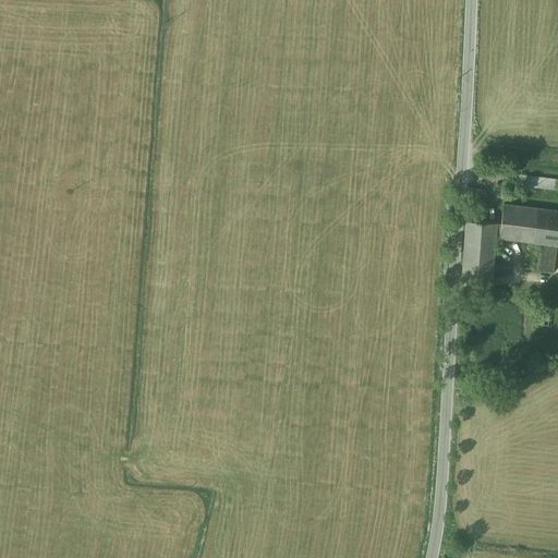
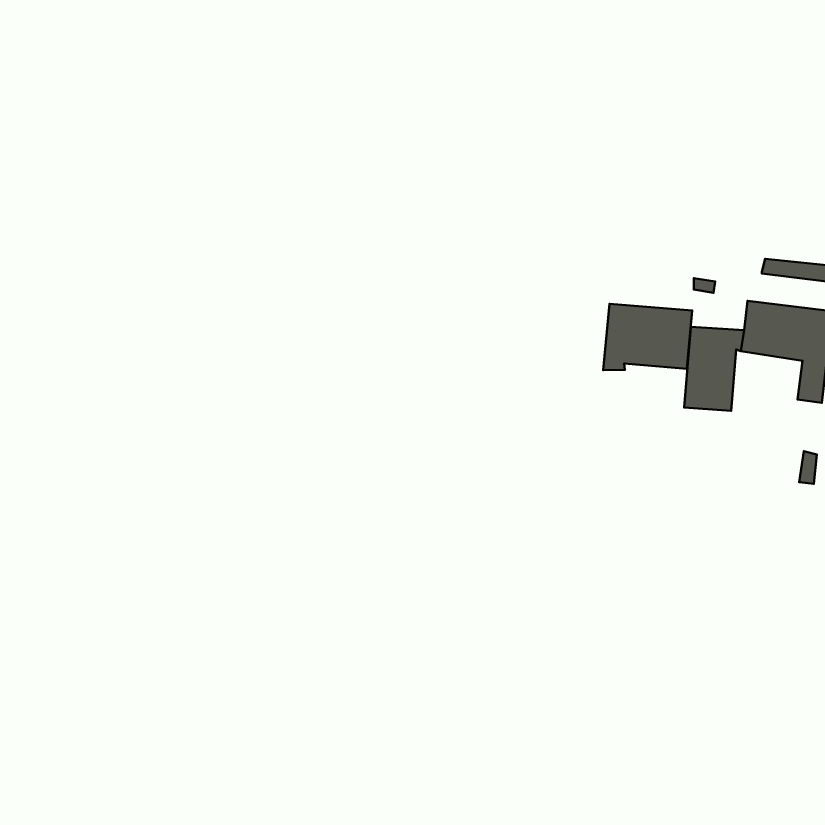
building: none -> [603,304,692,370]

